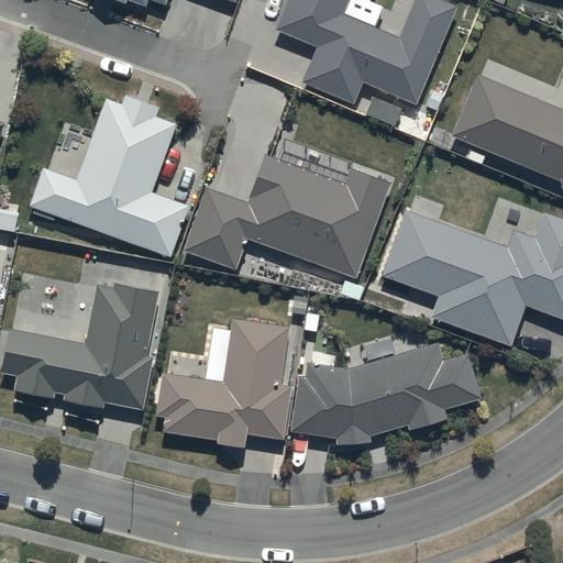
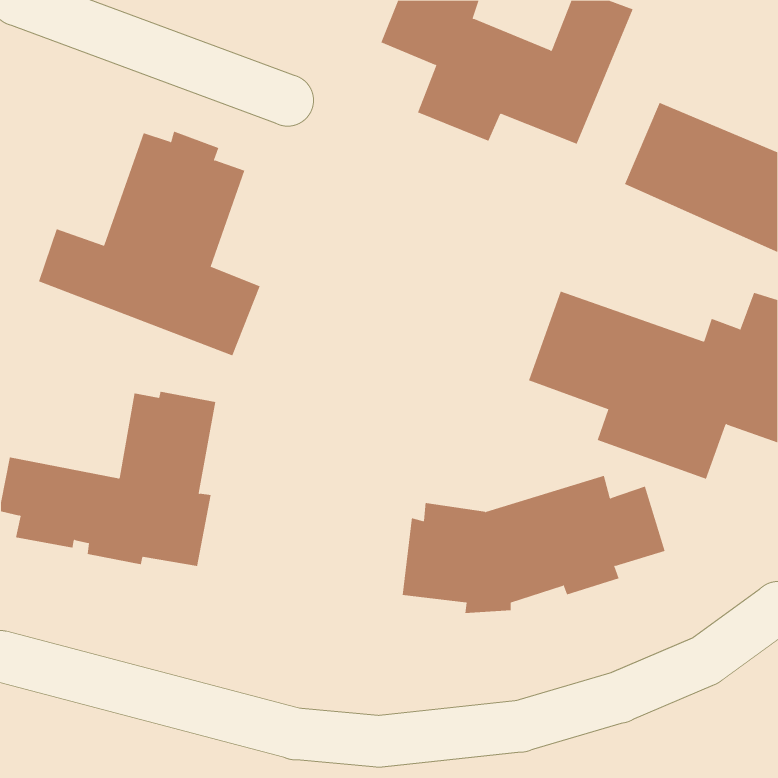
building: [185,155,389,279] -> none
building: [154,318,292,445] -> none

